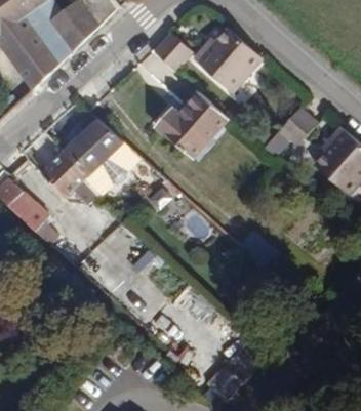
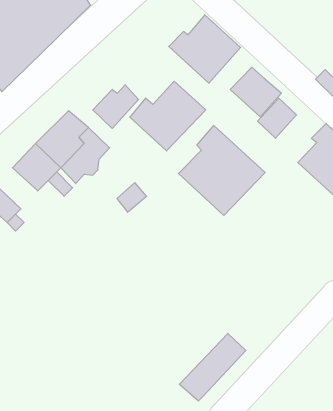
building: [151,27,192,68] -> none
building: none -> [230,67,281,117]
building: none -> [93,85,139,128]
building: none -> [178,125,265,215]

